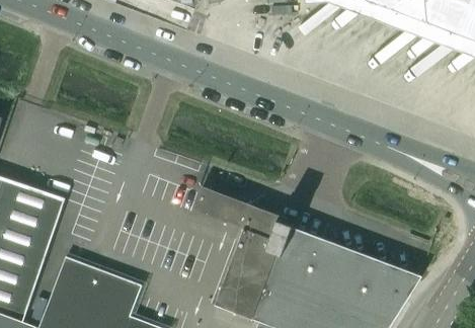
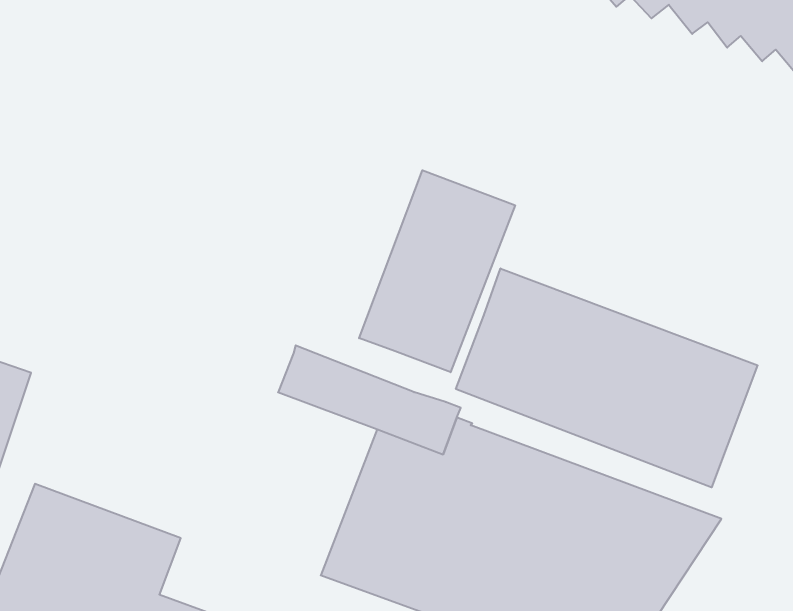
building: none -> [359,170,515,372]
building: none -> [456,268,758,487]

